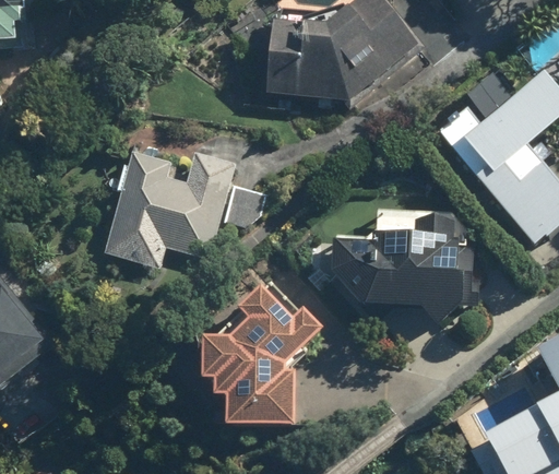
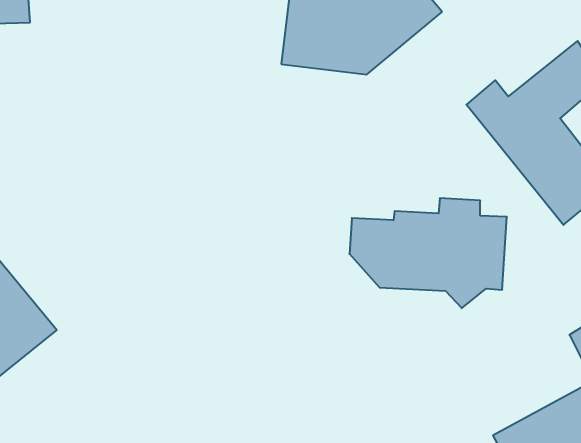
building: [102,147,265,265] -> none
building: [202,283,323,423] -> none

